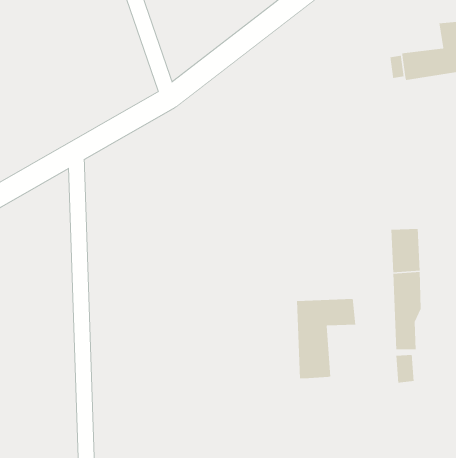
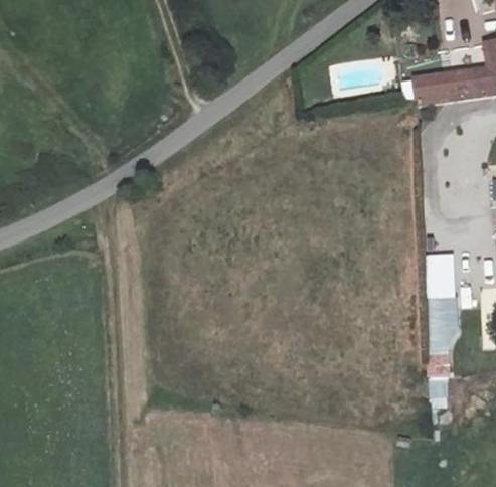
building: [296,298,356,379] -> none

